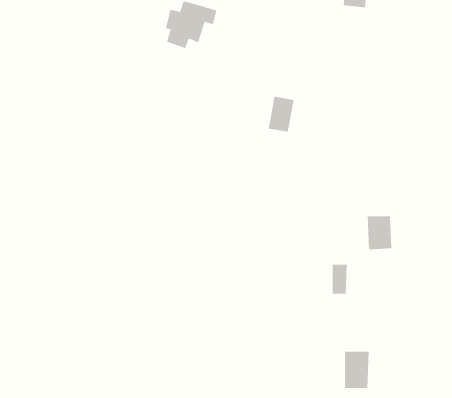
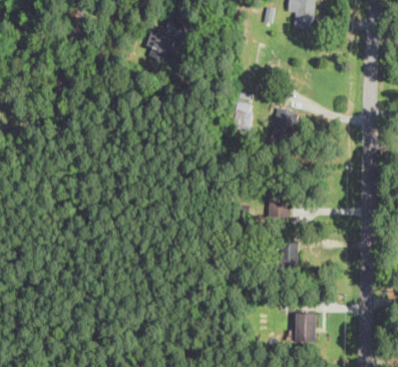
building: none -> [271,106,298,137]
building: [367,216,392,250] -> [268,191,289,219]

